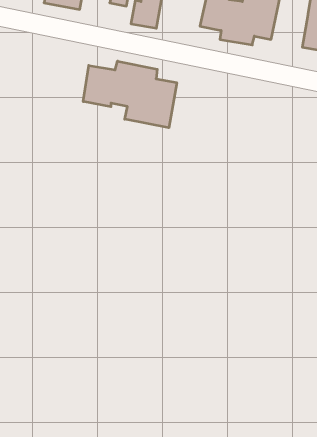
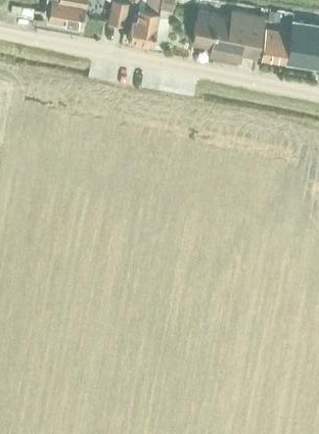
building: none -> [263,31,292,64]
building: [83,61,177,128] -> none

